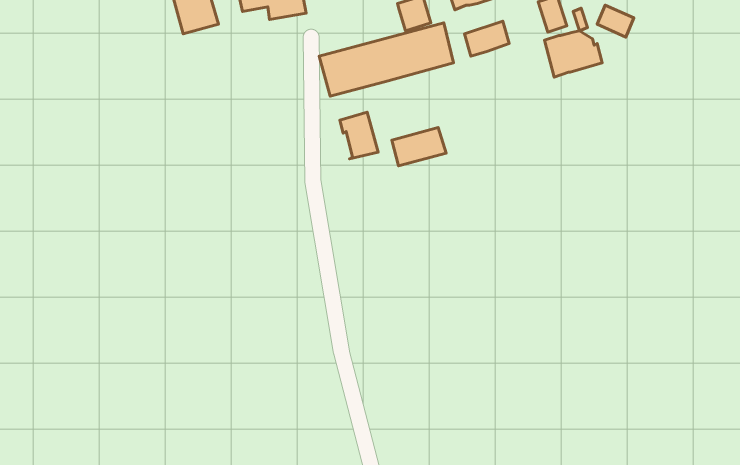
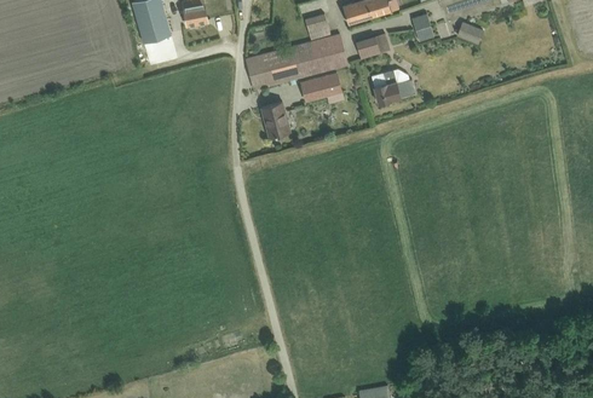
building: [544,31,602,77] -> [370,68,414,103]
building: [392,127,446,166] -> [300,71,341,100]

